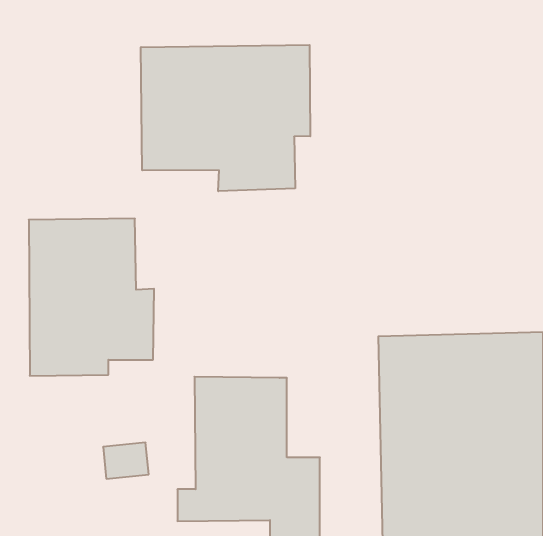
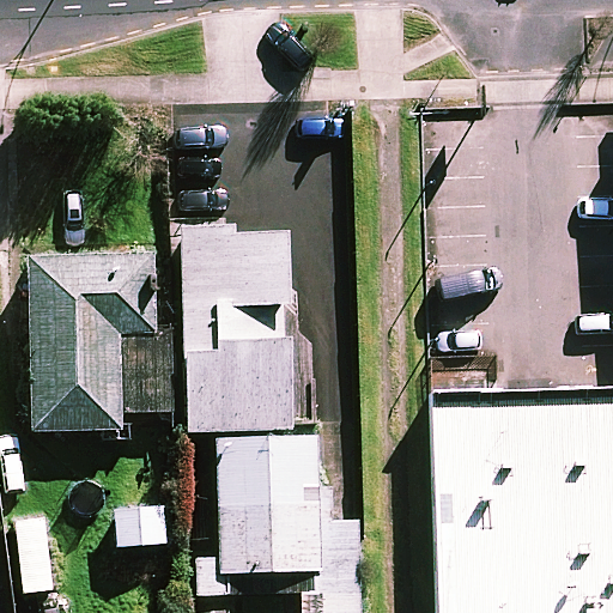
building: [141,45,310,191] -> none
building: none -> [175,227,315,433]

